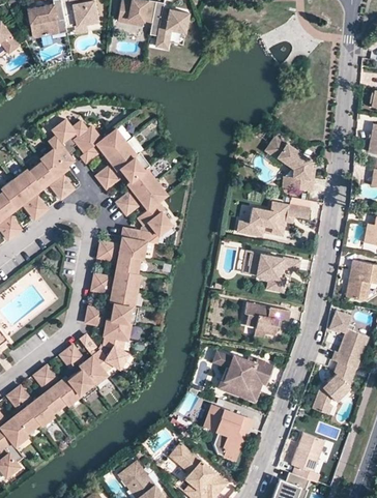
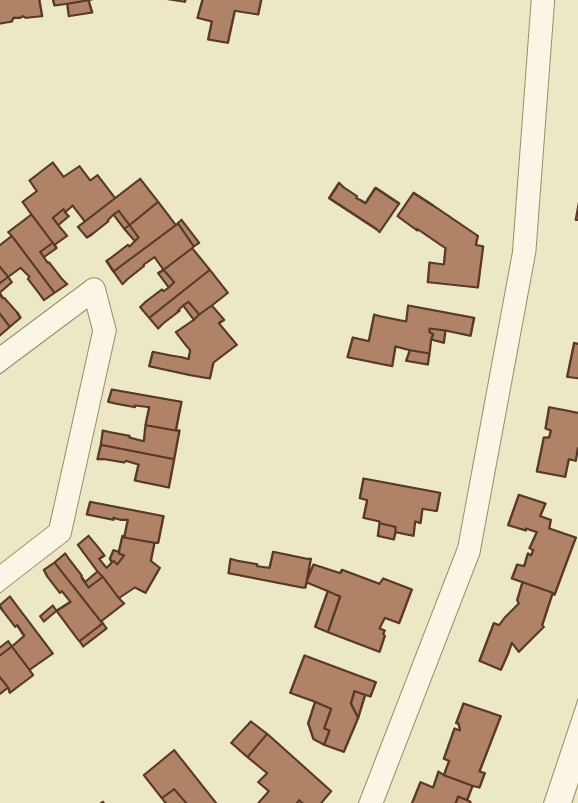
building: none -> [329,183,399,232]
building: [99,238,145,259] -> none
building: [249,252,300,292] -> none
building: [87,303,135,324] -> [229,552,311,587]

